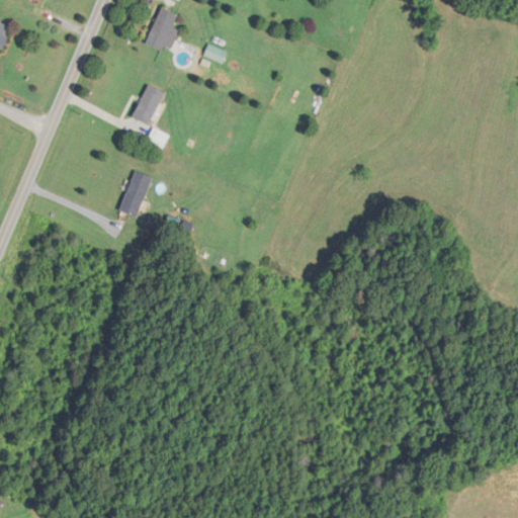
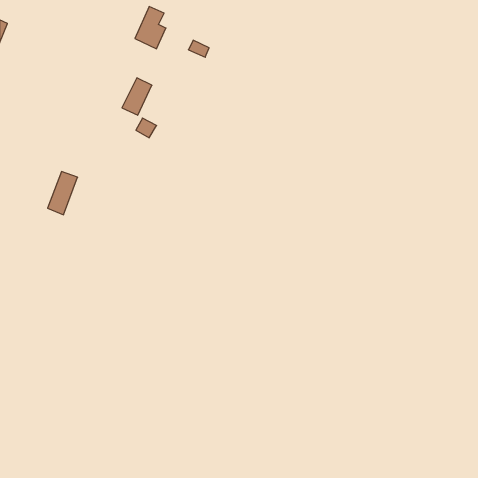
building: [119,169,152,215] -> [48,172,78,215]

